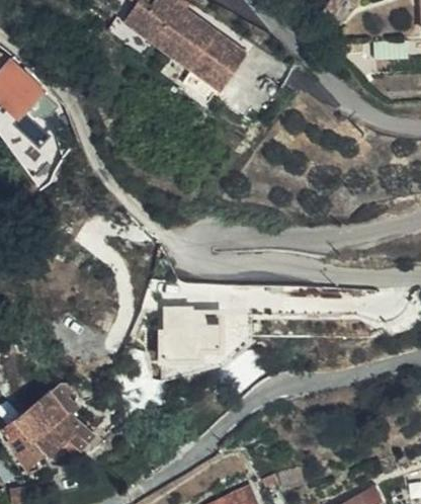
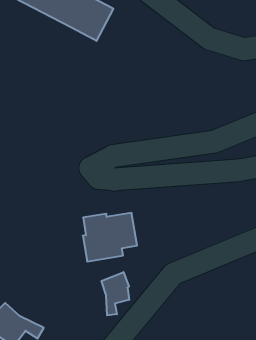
building: none -> [101,272,129,315]

